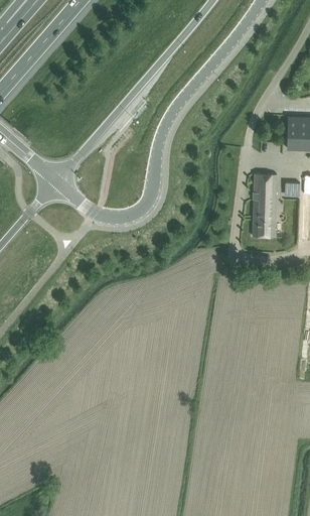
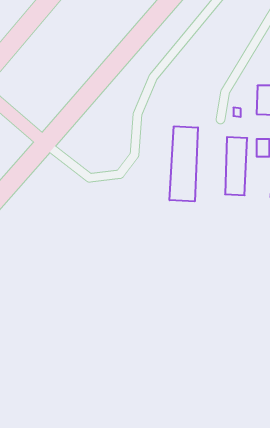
building: none -> [170,126,198,201]

